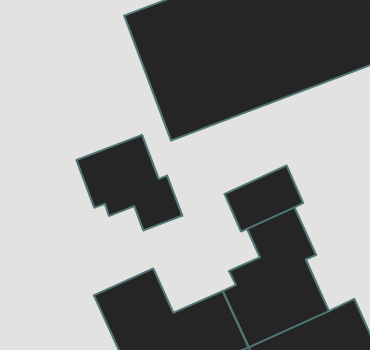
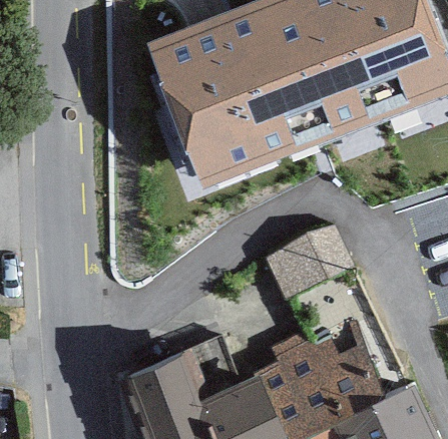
building: [77,135,182,231] -> none

